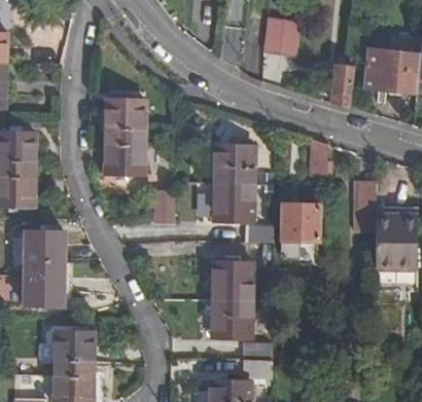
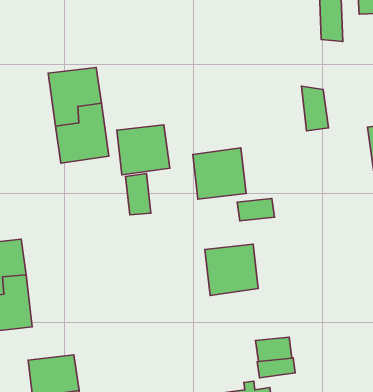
building: [214,146,254,183] -> [117,125,170,175]
building: [282,204,319,259] -> none
building: [212,300,252,337] -> none

